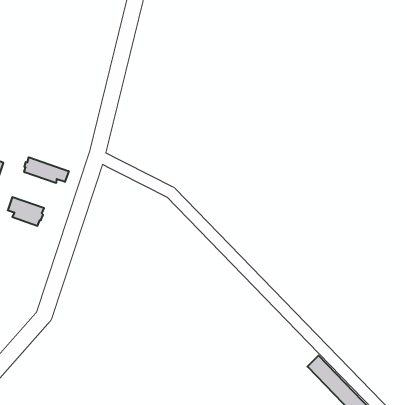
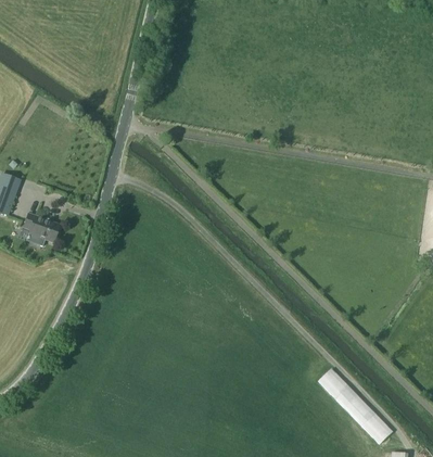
building: [24,157,69,183] -> none

